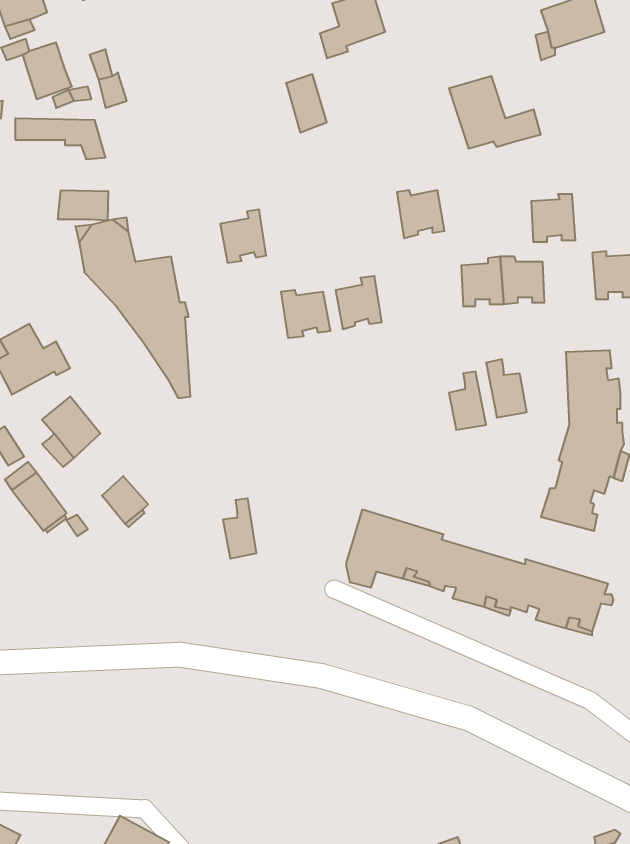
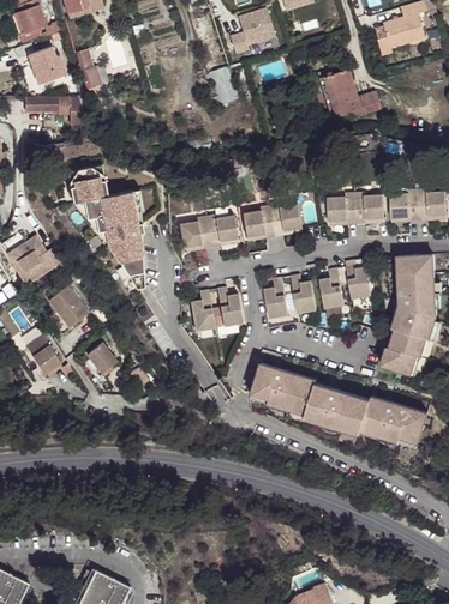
building: [58,190,108,221] -> none
building: [397,190,445,238] -> [269,203,301,235]
building: [531,194,576,242] -> [389,188,419,221]
building: [220,210,266,263] -> [179,215,210,250]
building: none -> [289,274,317,314]
building: none -> [264,278,288,319]
building: none -> [217,288,244,326]
building: [223,498,257,559] -> [191,290,214,331]

